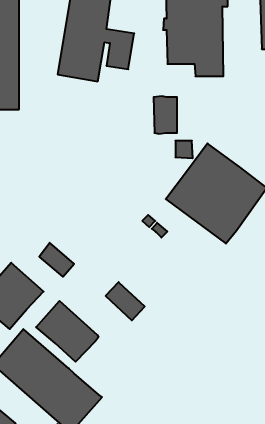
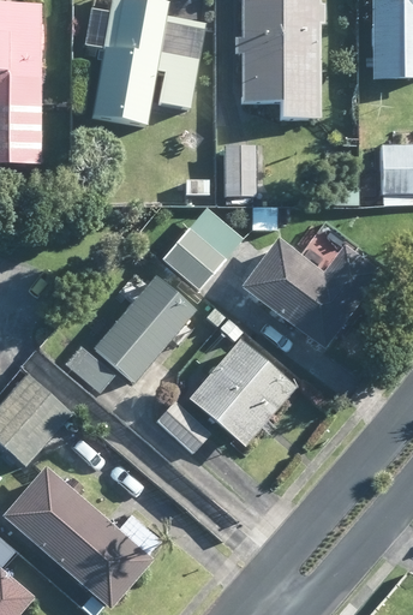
building: none -> [161,227,225,289]
building: none -> [94,275,196,382]
building: none -> [188,340,294,446]
building: [36,301,98,362] -> none

